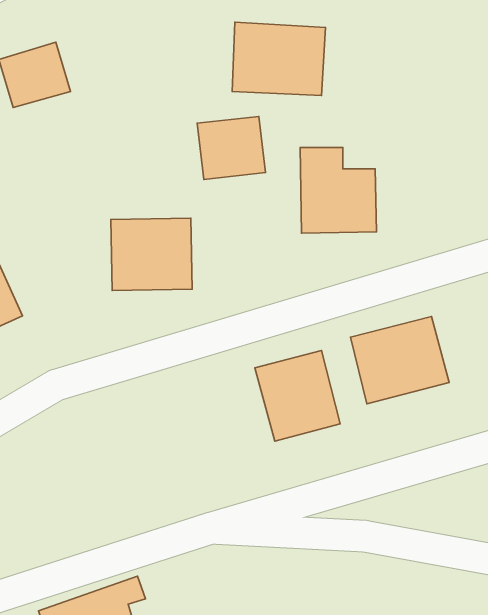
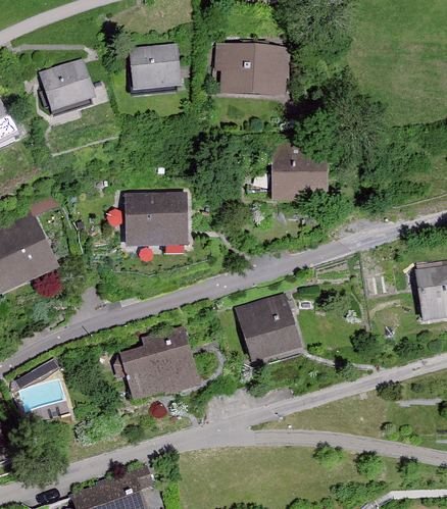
building: [197,117,265,179] -> [130,43,182,91]
building: [351,316,449,404] -> none
building: none -> [119,325,199,403]

